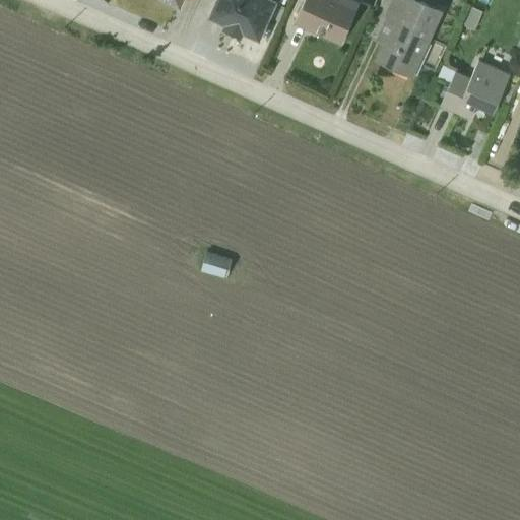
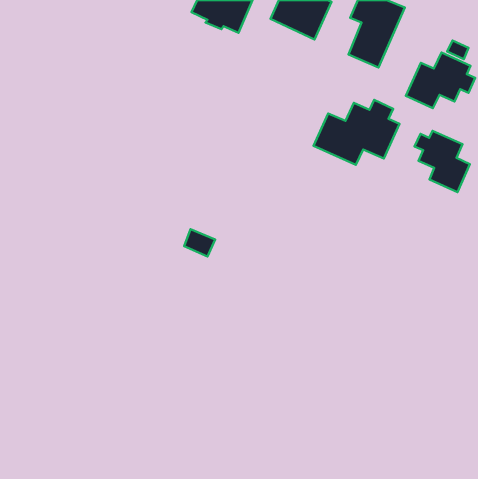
building: none -> [313,100,399,165]
building: none -> [415,131,470,192]

